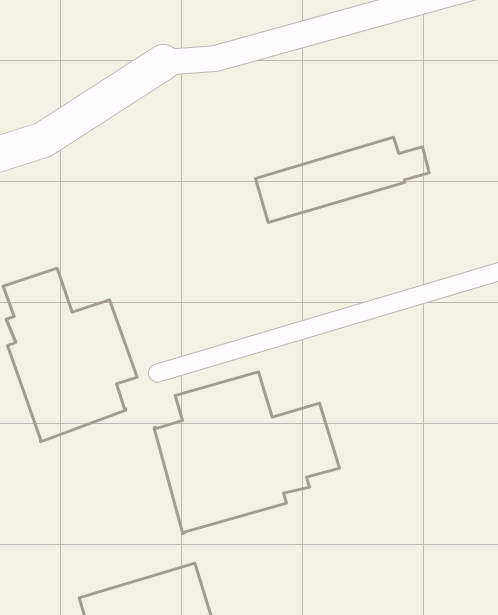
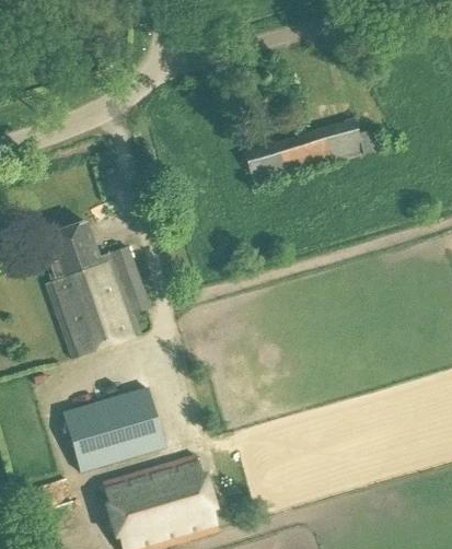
building: [154,372,339,534] -> none
building: none -> [61,387,164,471]

